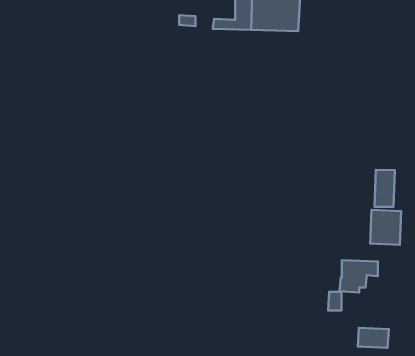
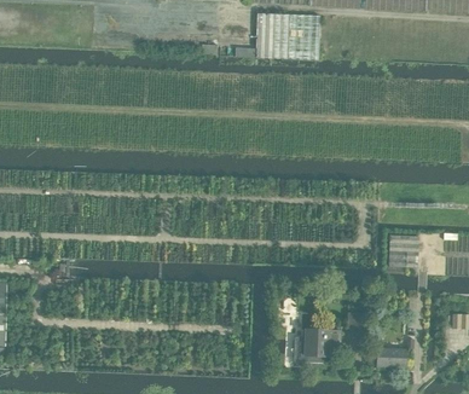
building: [375,170,395,207] -> none
building: [339,260,378,292] -> [301,330,338,361]

